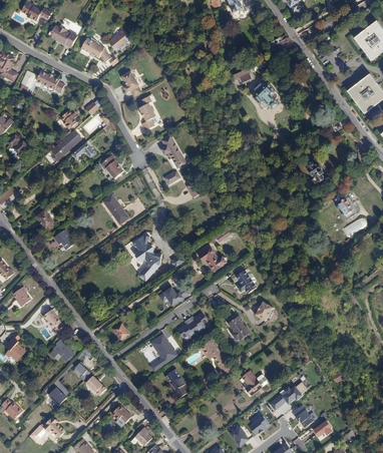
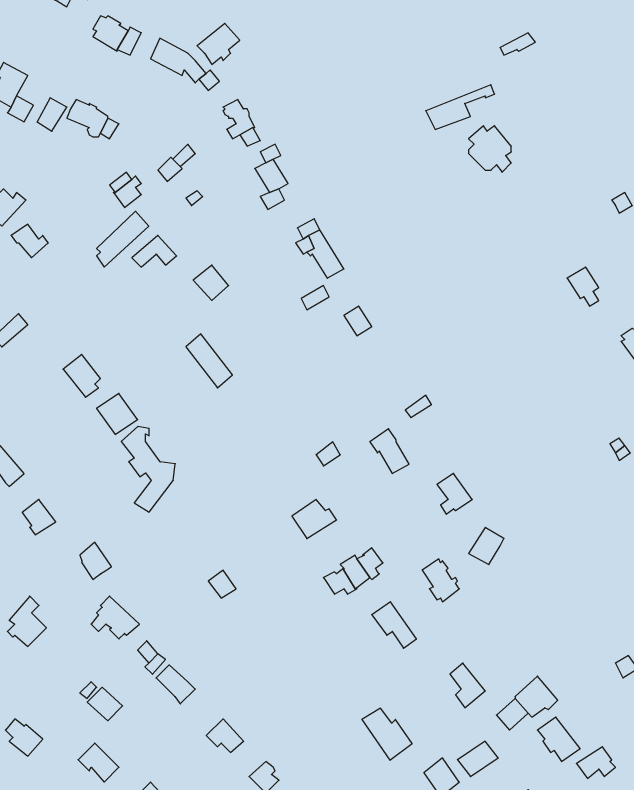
building: [132,236,161,282] -> [121,427,175,512]
building: [148,335,177,371] -> none
building: [164,369,192,397] -> [362,708,412,760]

